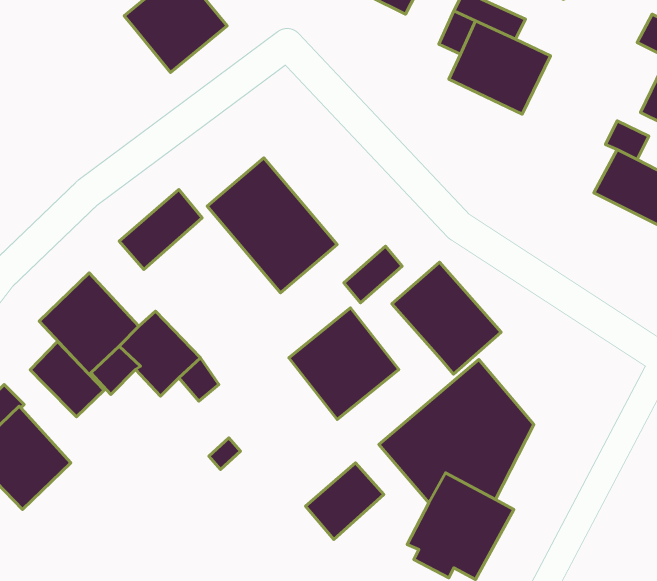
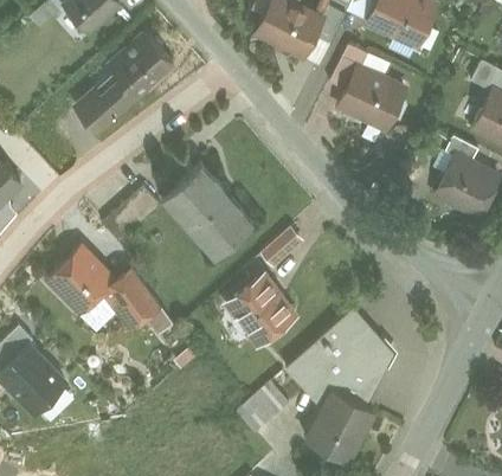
building: none -> [73,69,139,133]
building: [392,262,501,374] -> none
building: [30,342,104,417] -> none

